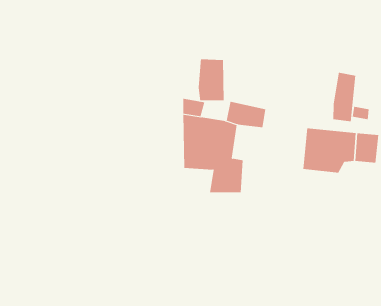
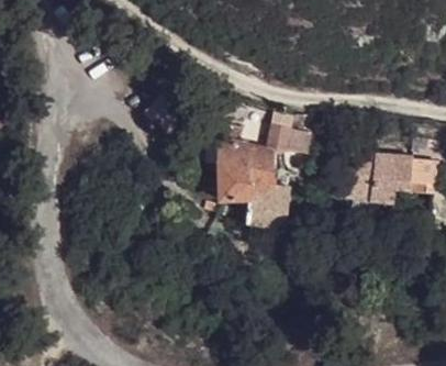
building: [198,59,224,101] -> none
building: [333,72,356,122] -> none

